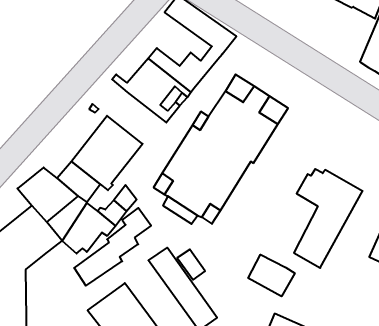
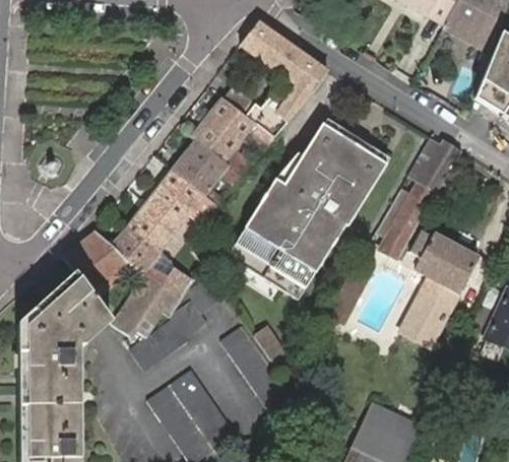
building: none -> [377,136,462,261]
building: none -> [172,139,243,203]
building: [248,255,295,296] -> none

